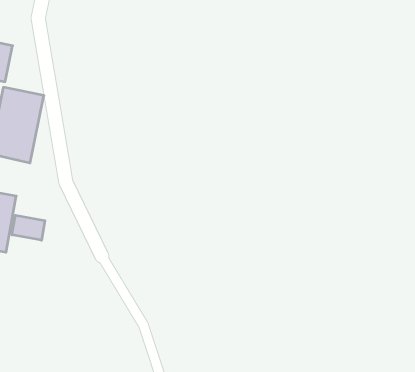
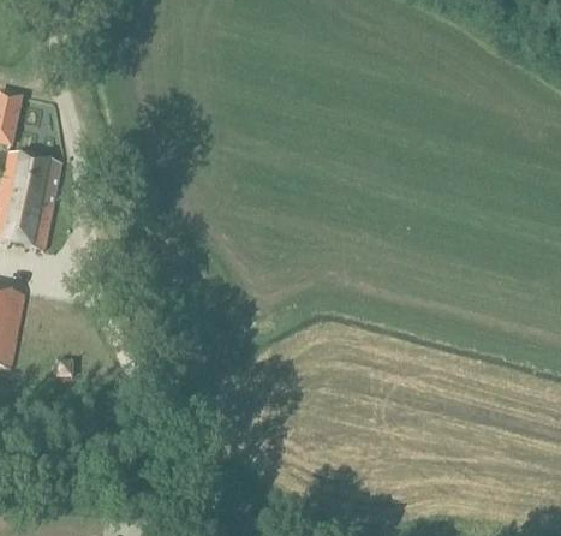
building: [12,215,45,240] -> none

